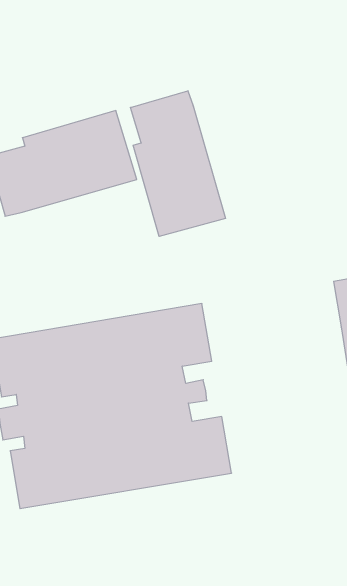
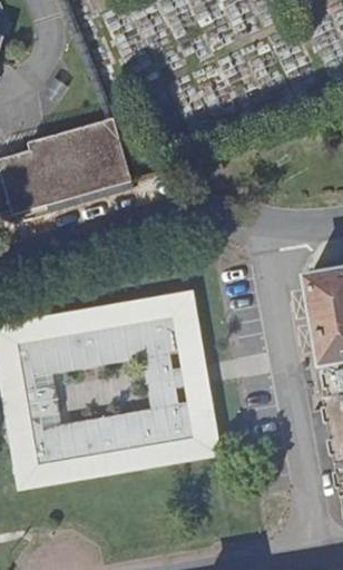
building: [130,91,225,236] -> none

